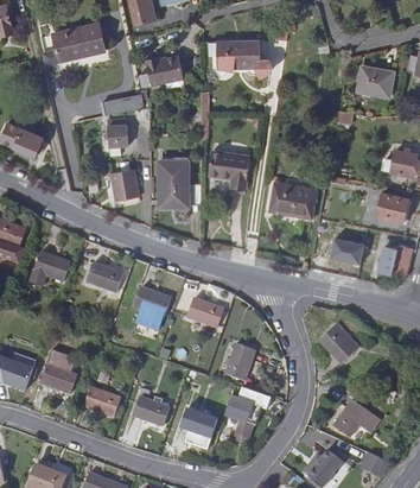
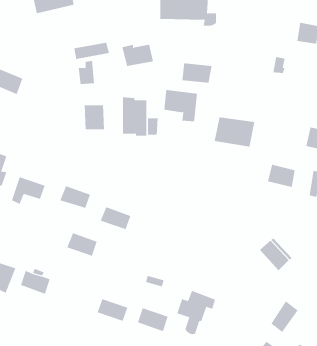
building: [142,57,180,83] -> [122,44,154,66]
building: none -> [182,63,212,83]
building: [187,299,224,327] -> none
building: [224,343,254,380] -> none
building: [83,387,120,416] -> [66,232,98,257]

